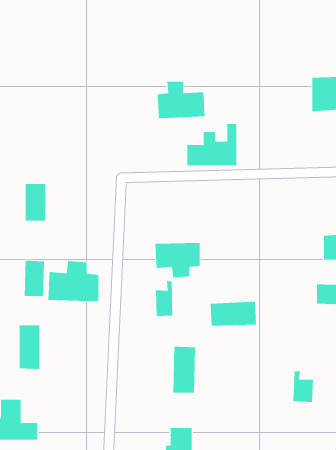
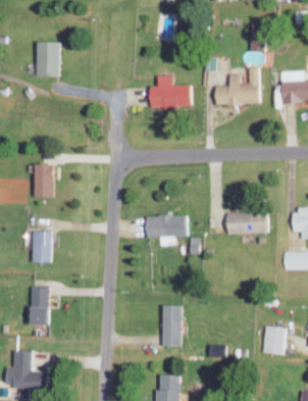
building: none -> [37,42,60,77]
building: [186,123,237,166] -> [216,67,260,104]
building: [48,260,99,302] -> none
building: [155,281,173,317] -> none
building: [210,301,257,326] -> [226,212,267,234]

